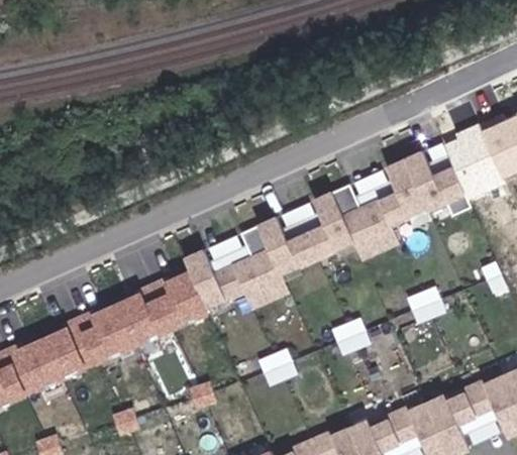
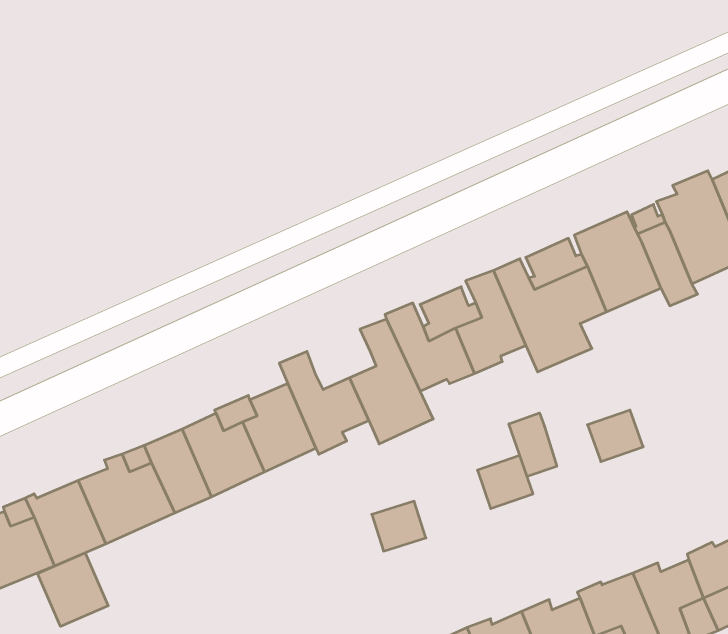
building: [217,232,260,269] -> none
building: none -> [509,413,557,476]
building: none -> [37,553,108,626]

